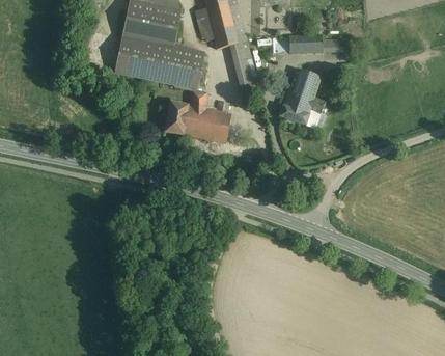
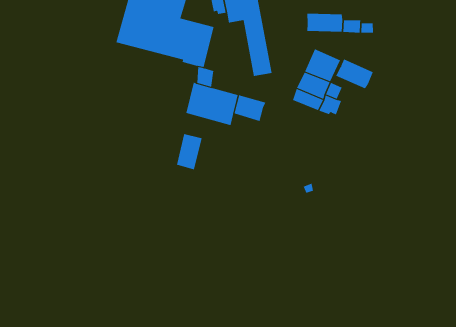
building: none -> [335,58,374,89]
building: [165,102,188,135] -> [176,134,202,170]
building: none -> [234,94,266,122]

